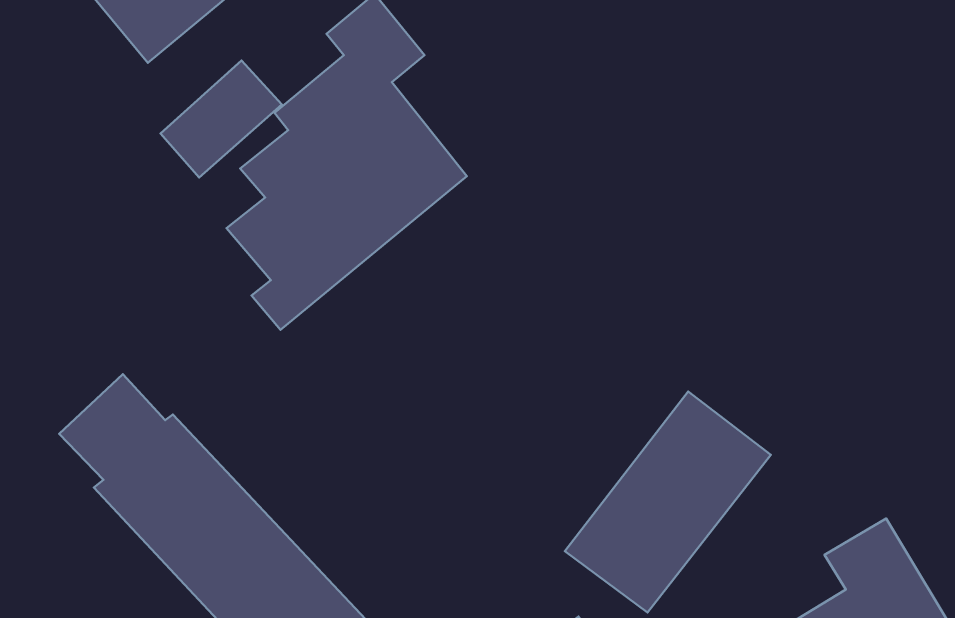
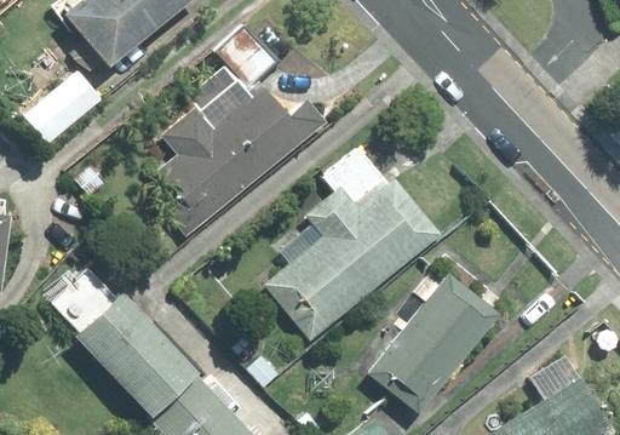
building: [161,60,282,178] -> [27,69,103,143]
building: none -> [265,143,440,339]

